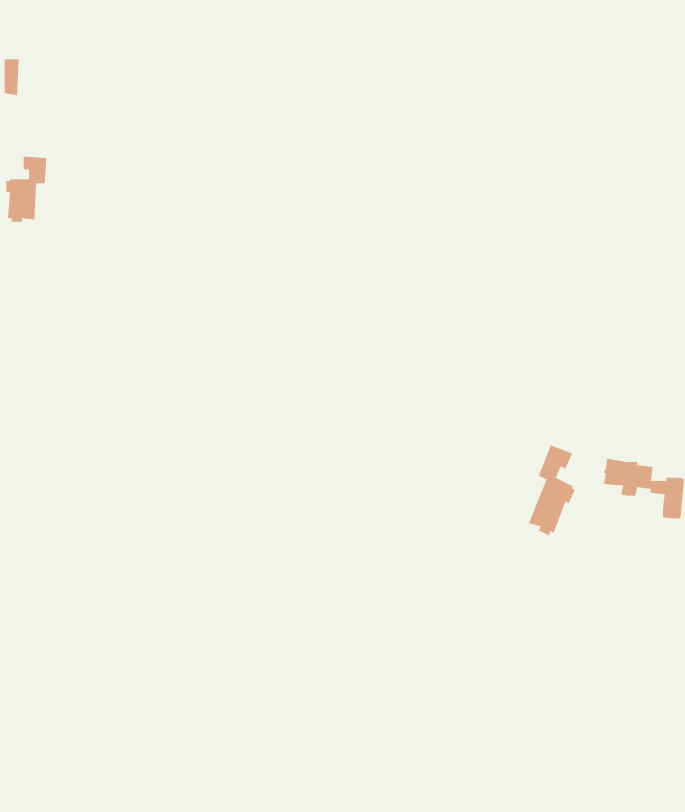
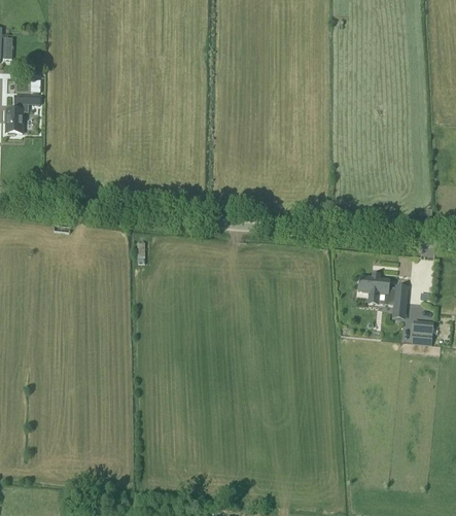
building: [528,445,575,536] -> none

